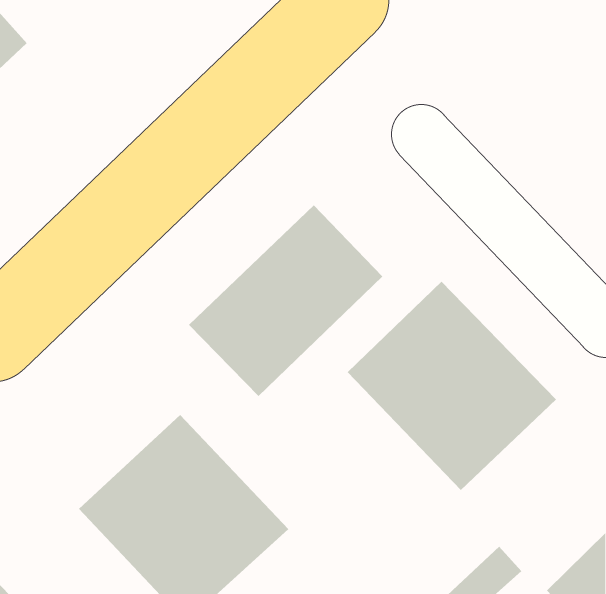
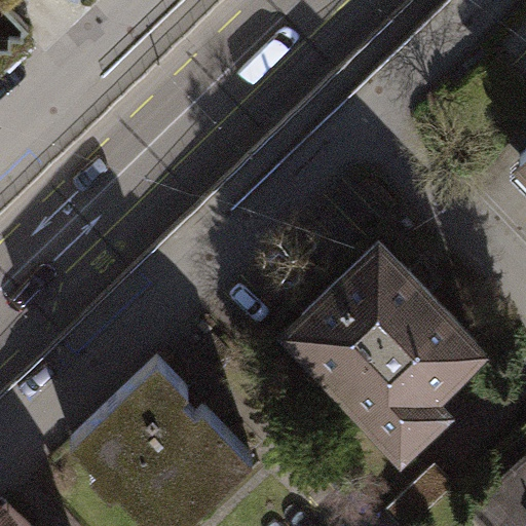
building: [188,204,383,397] -> none

